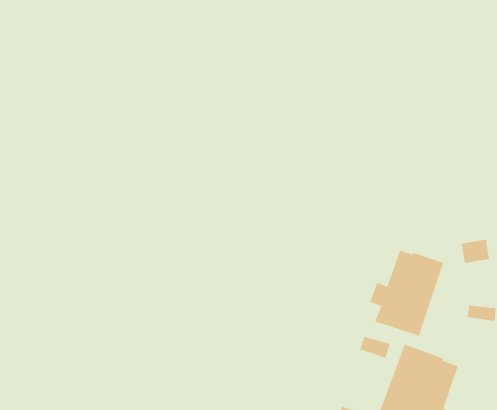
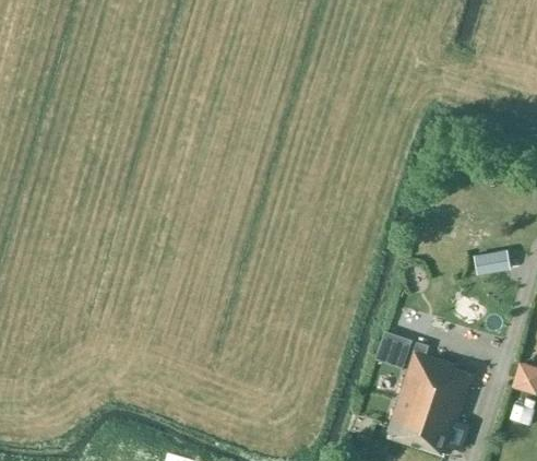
building: [369,250,444,336] -> none

